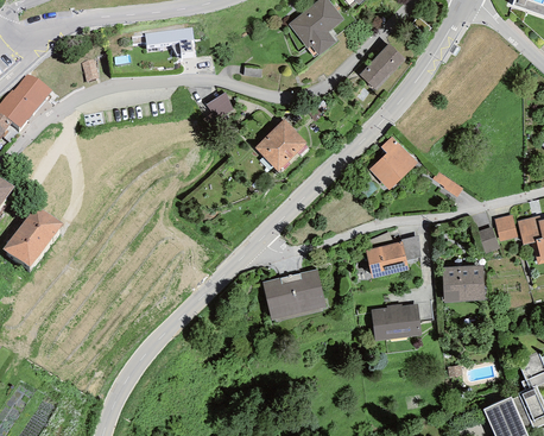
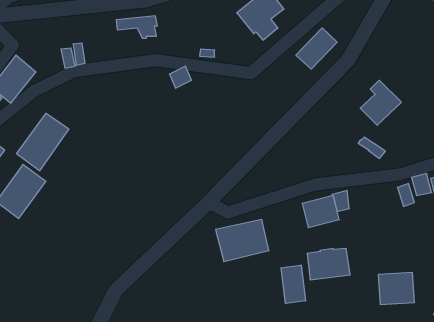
building: [254,119,306,171] -> none
building: [368,135,417,189] -> [360,80,401,125]
building: none -> [17,113,69,171]
building: [442,264,485,302] -> [378,273,414,305]
building: none -> [281,265,305,304]

